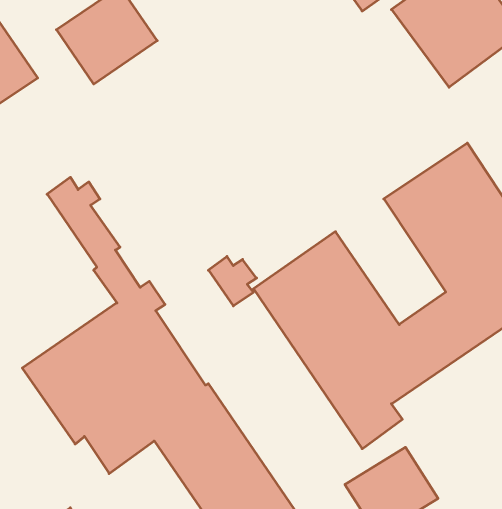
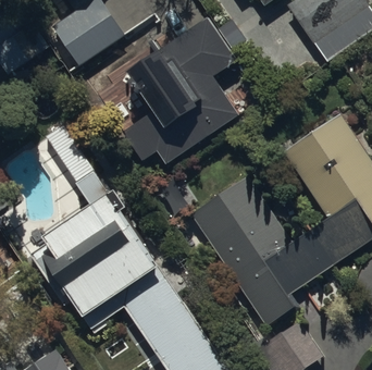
building: none -> [123,15,237,162]

